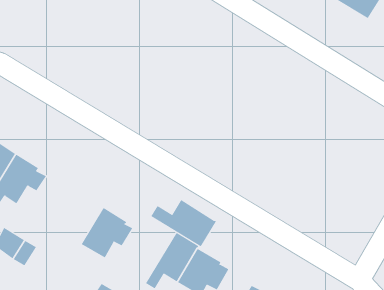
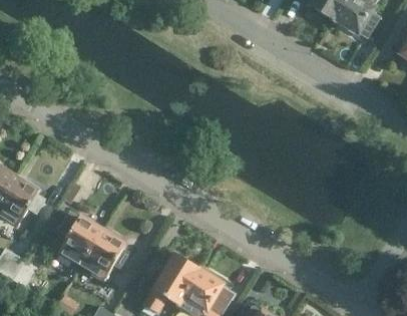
building: none -> [57,211,103,266]
building: [150,199,217,247] -> none

